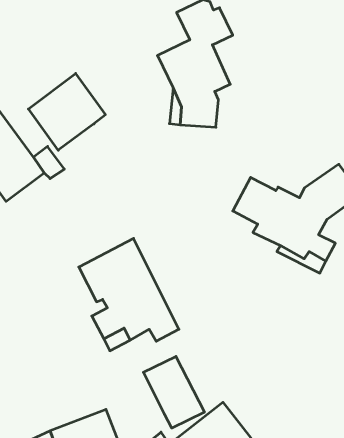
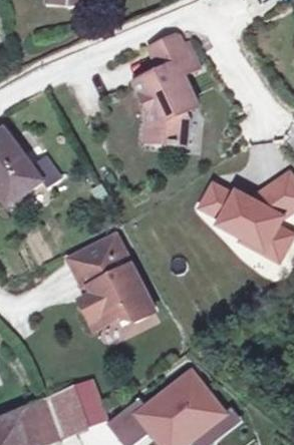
building: [28,73,105,150] -> none
building: [143,356,204,428] -> none

